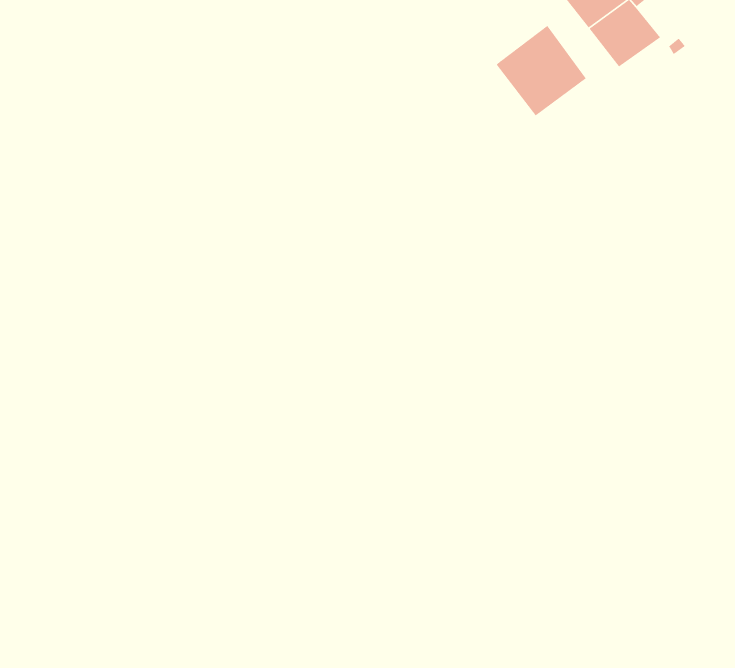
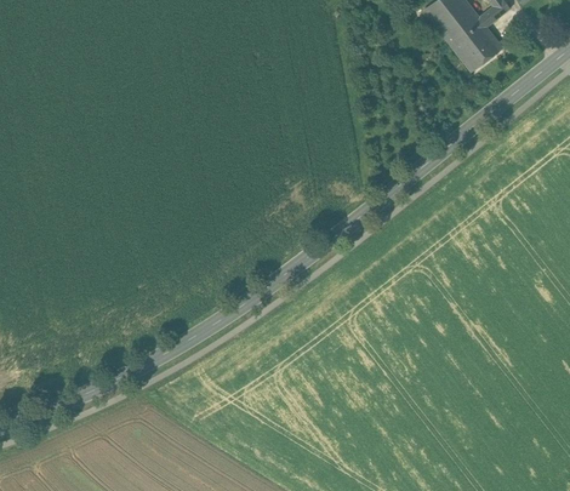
building: [496,25,587,116] -> none

